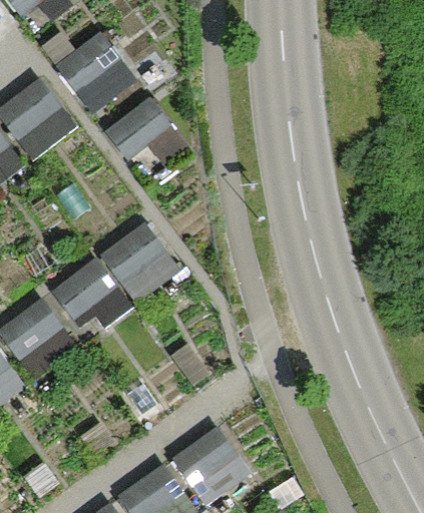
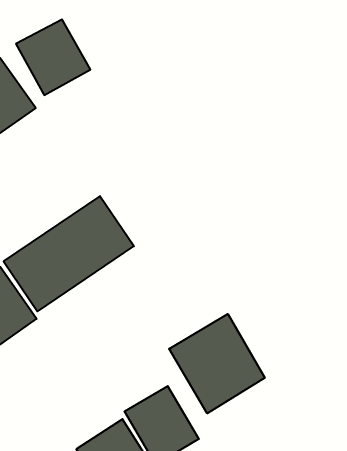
building: [103,97,189,184] -> none
building: none -> [169,314,265,413]

